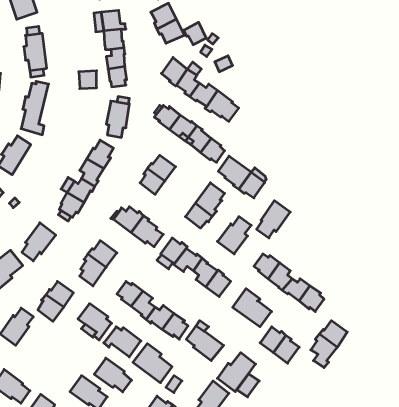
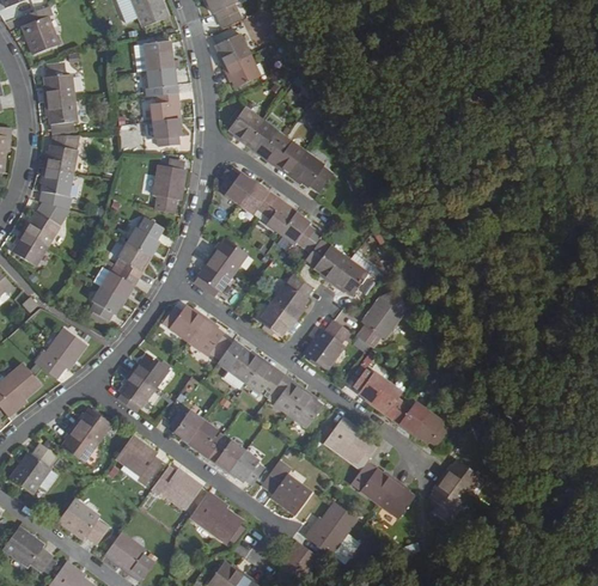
building: [184,22,206,45] -> none
building: [94,358,132,392] -> [59,498,109,543]

